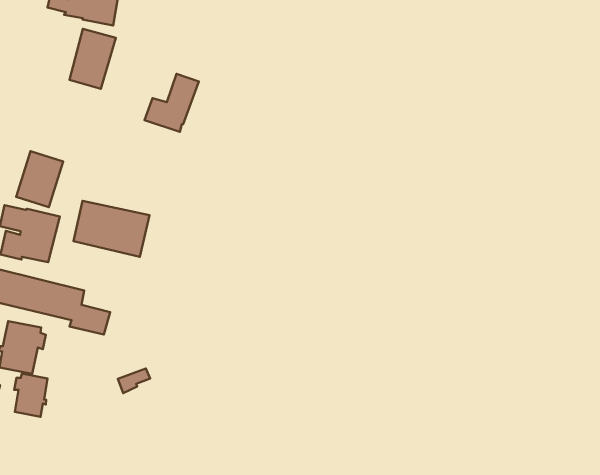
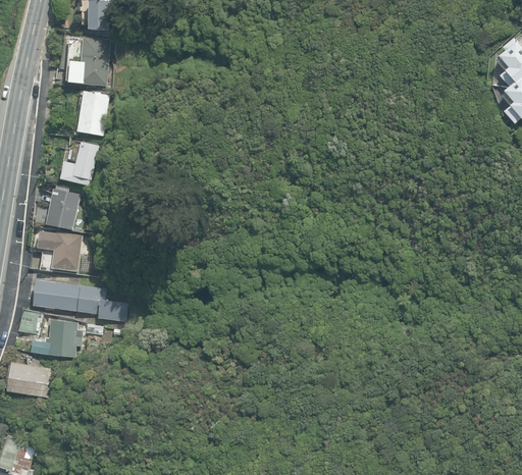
building: [145,74,199,132] -> [60,142,98,186]
building: [73,201,149,257] -> none
building: [14,373,47,417] -> none

